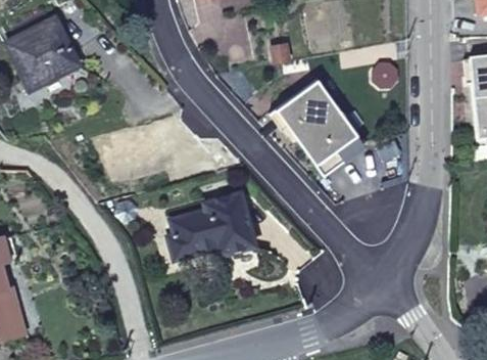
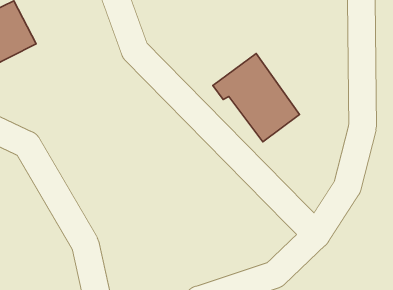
building: [168,192,254,260] -> none

